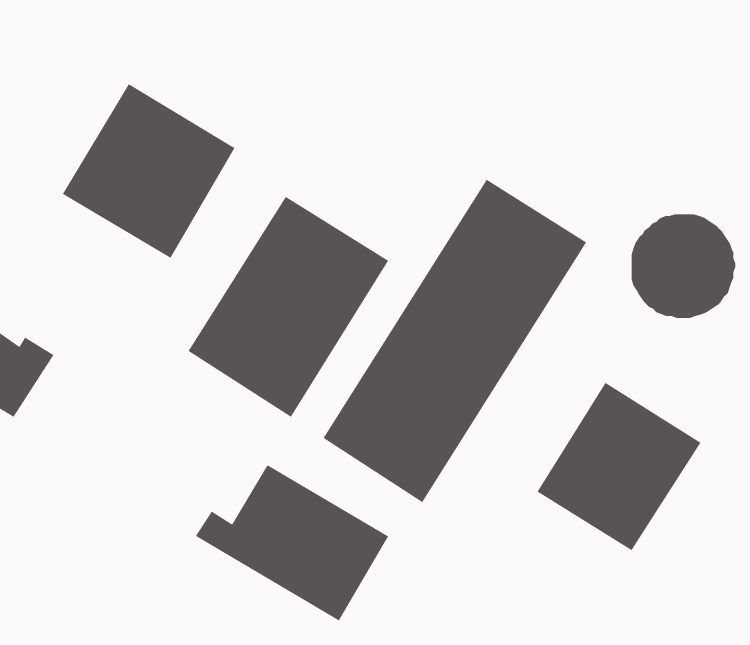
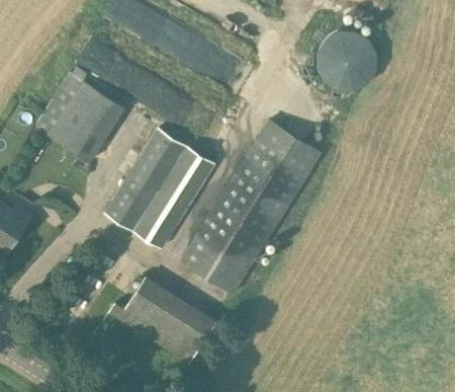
building: [631,213,736,319] -> [316,32,374,90]
building: [536,382,701,551] -> none

